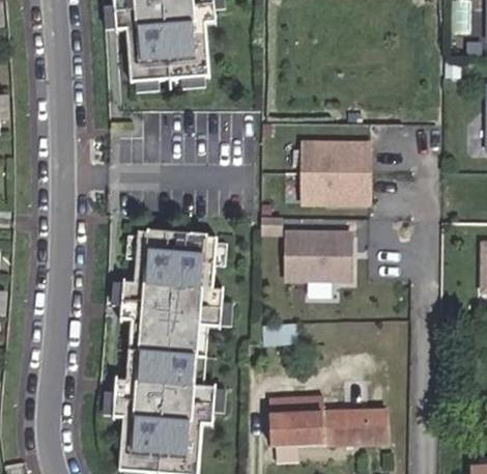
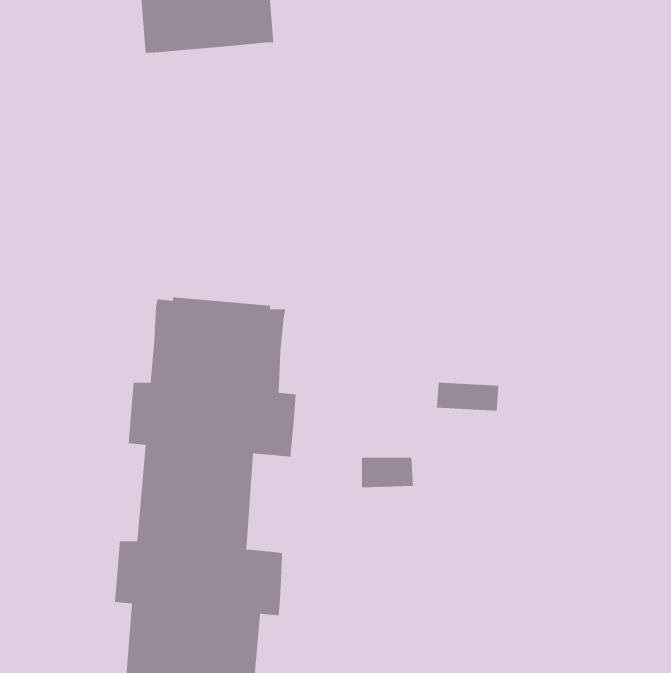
building: [300,144,360,204] -> none
building: [284,234,348,281] -> none
building: [270,379,389,446] -> none

